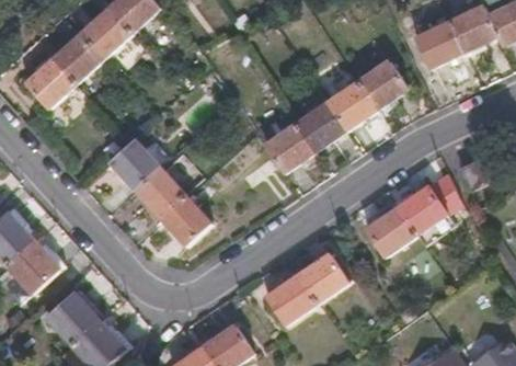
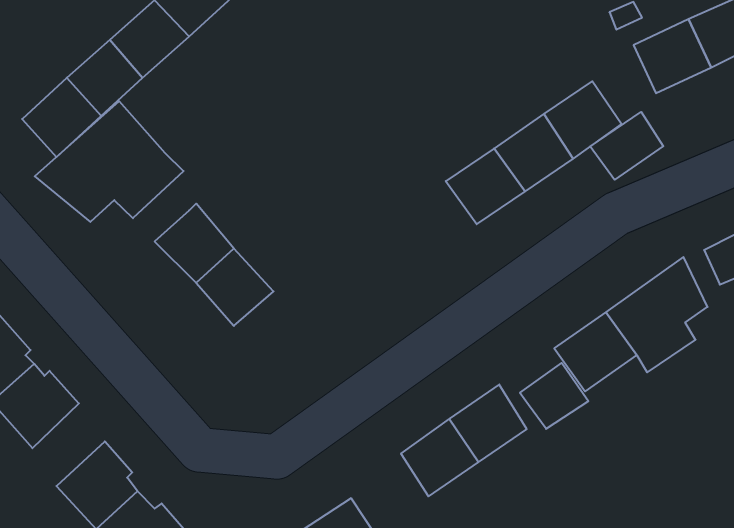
building: none -> [35,101,184,222]
building: none -> [590,112,663,180]
building: [264,123,314,172] -> none
building: [160,193,210,244] -> none
building: none -> [520,363,588,429]

